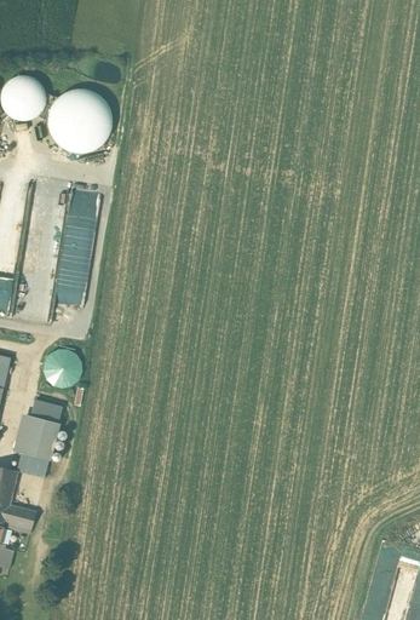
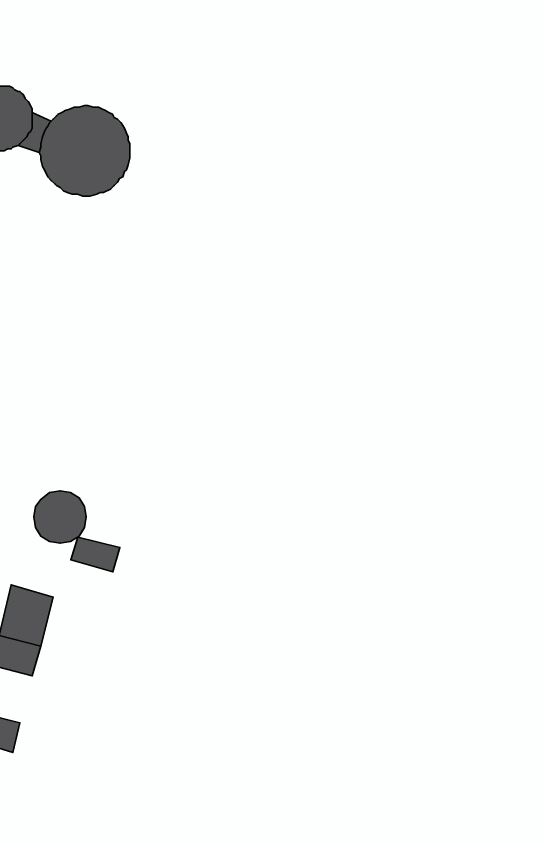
building: [59,186,94,292] -> none
building: [29,402,63,426] -> [71,537,120,572]

